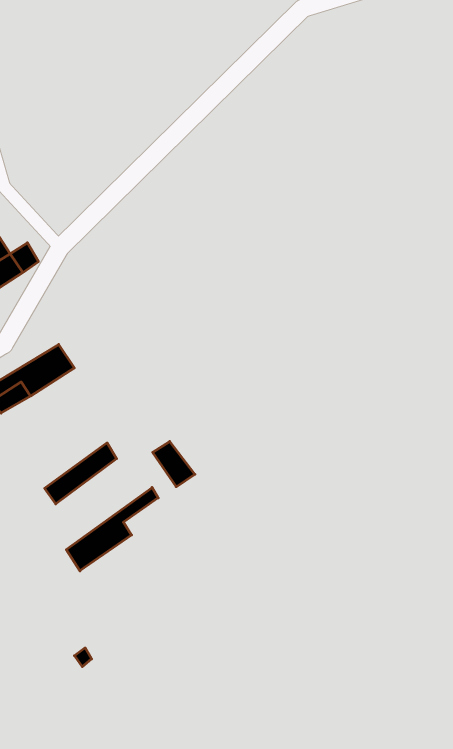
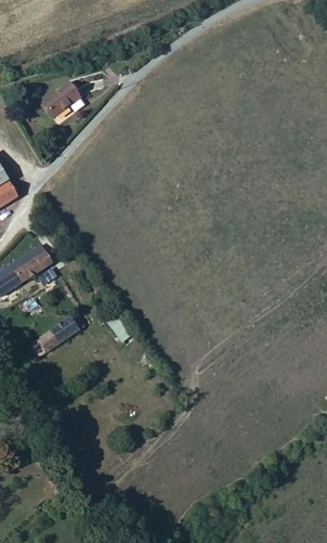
building: none -> [35,85,71,119]
building: [66,487,158,571] -> none

